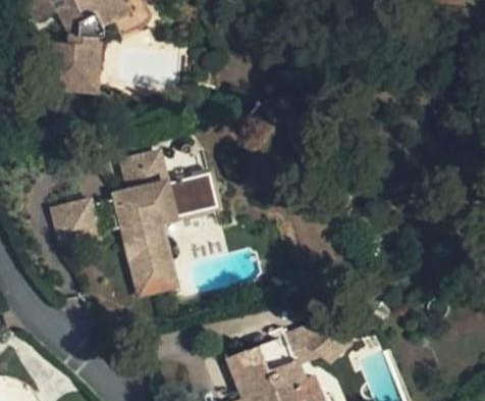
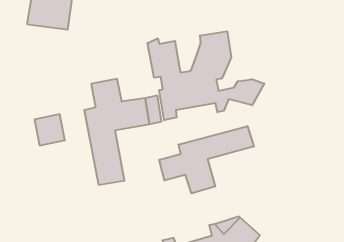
building: none -> [147,31,264,120]
building: none -> [159,126,254,193]

